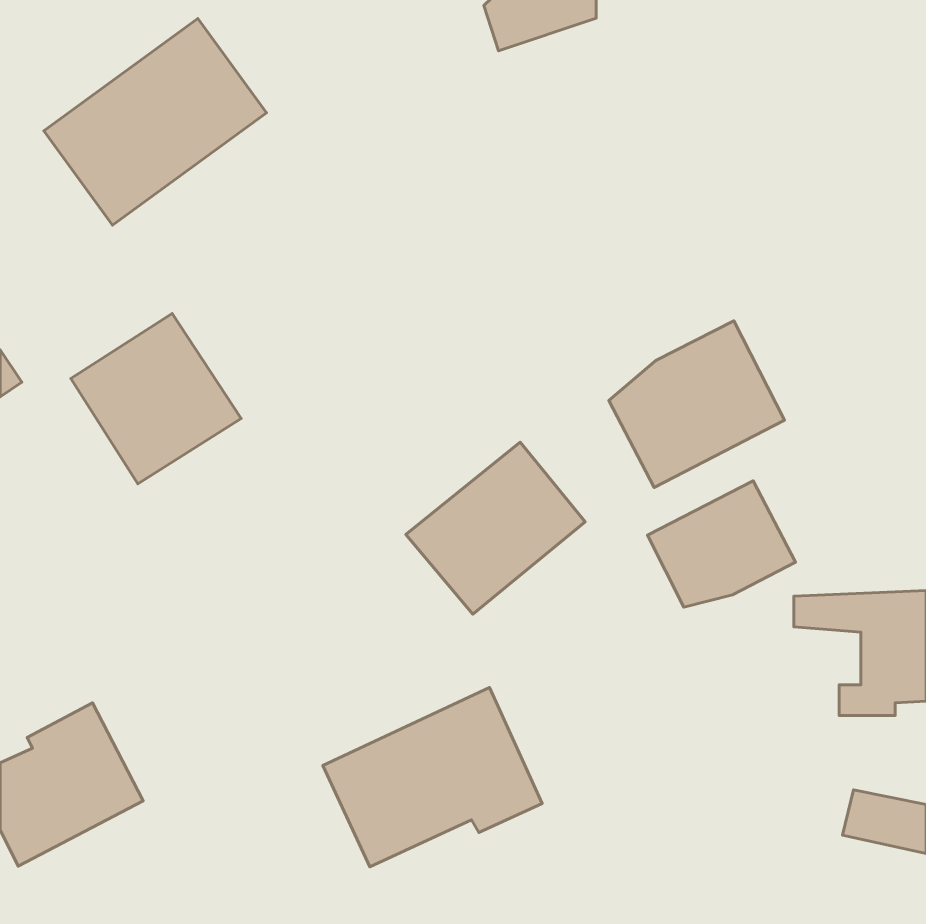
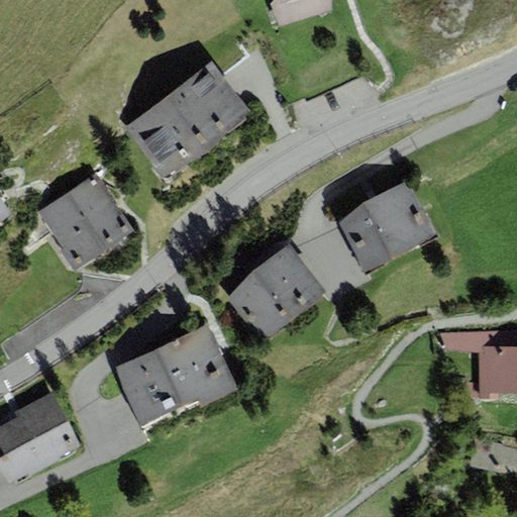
building: [44,19,267,225] -> [126,64,250,179]
building: [647,481,796,607] -> none
building: [323,687,542,867] -> [115,324,237,424]

